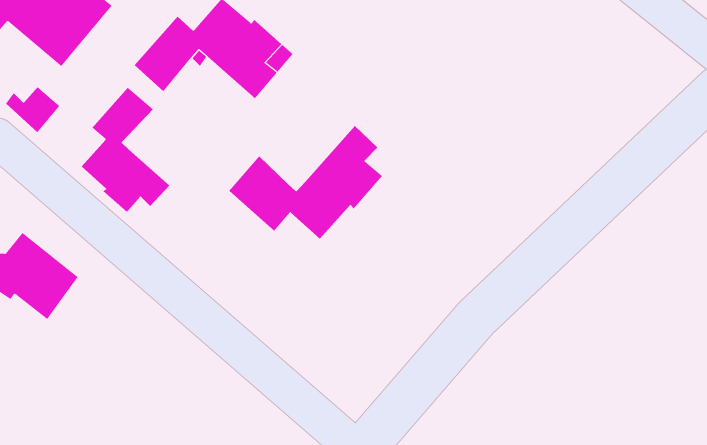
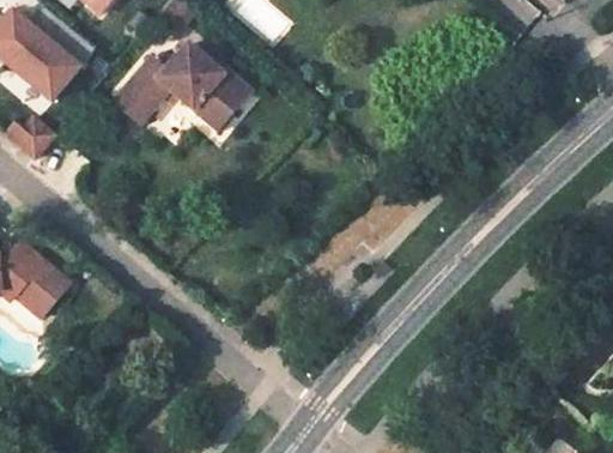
building: [81,87,170,213] -> none
building: [228,125,383,240] -> none

